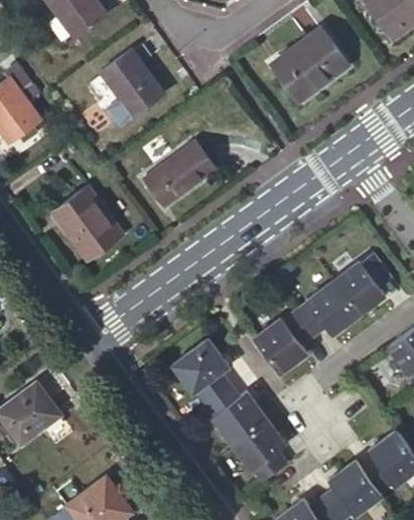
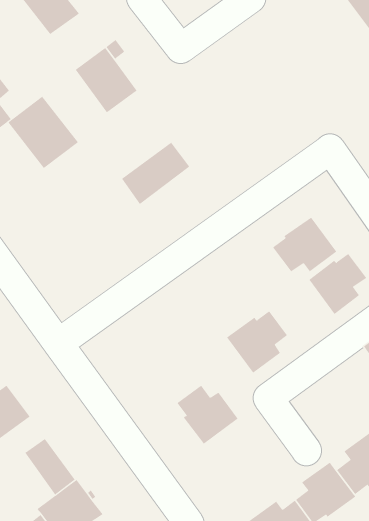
building: [274,28,350,103] -> none
building: [54,188,124,260] -> [8,96,79,169]
building: [294,280,358,335] -> [272,217,337,272]
building: [169,338,227,402] -> none
building: [229,417,284,481] -> none
building: none -> [25,438,76,495]

